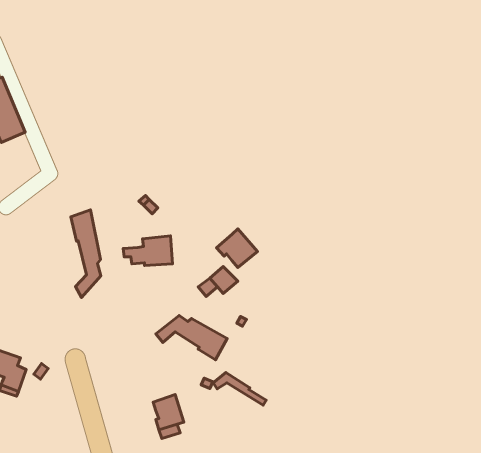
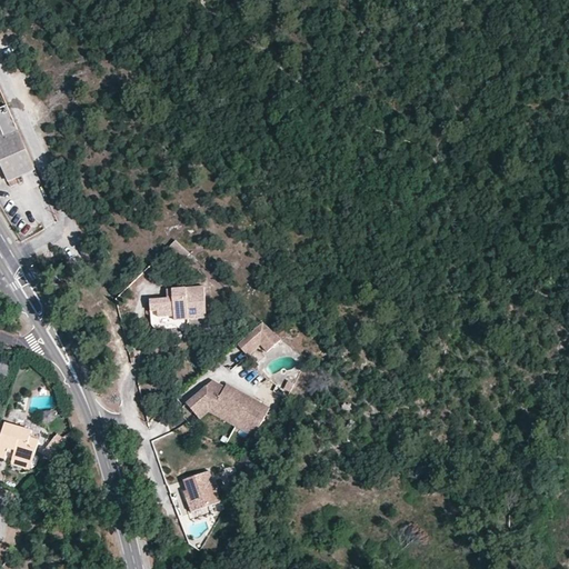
building: [71,210,101,297] -> none
building: [216,229,258,268] -> none
building: [213,372,266,405] -> [192,398,253,436]

